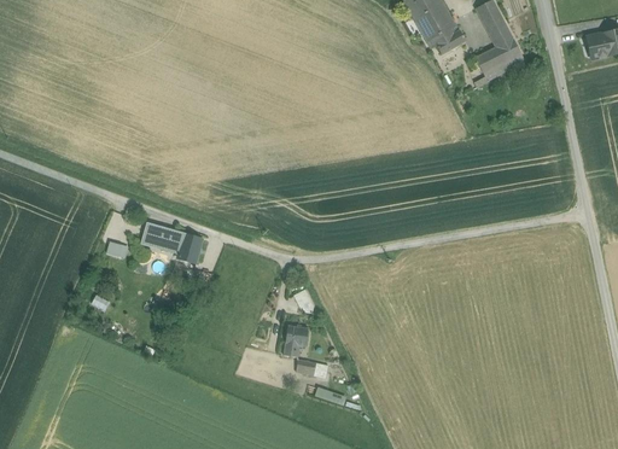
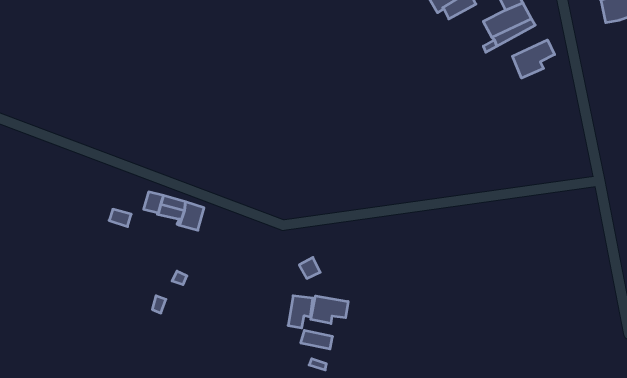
building: none -> [512,40,555,78]
building: none -> [311,296,348,324]

